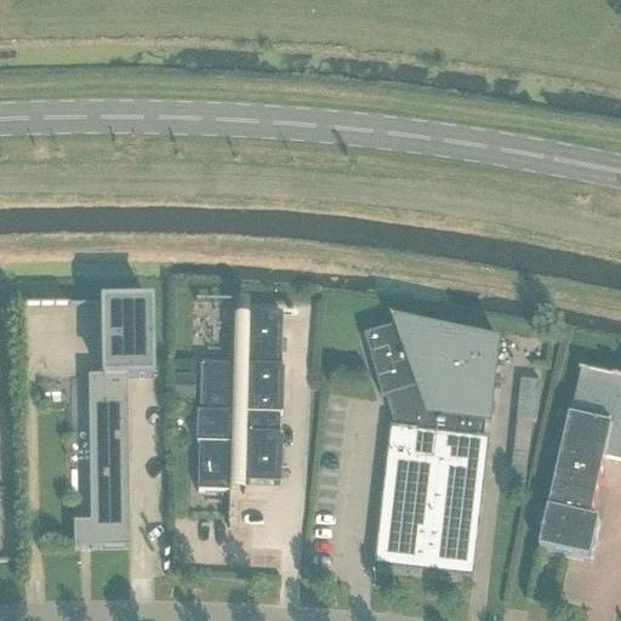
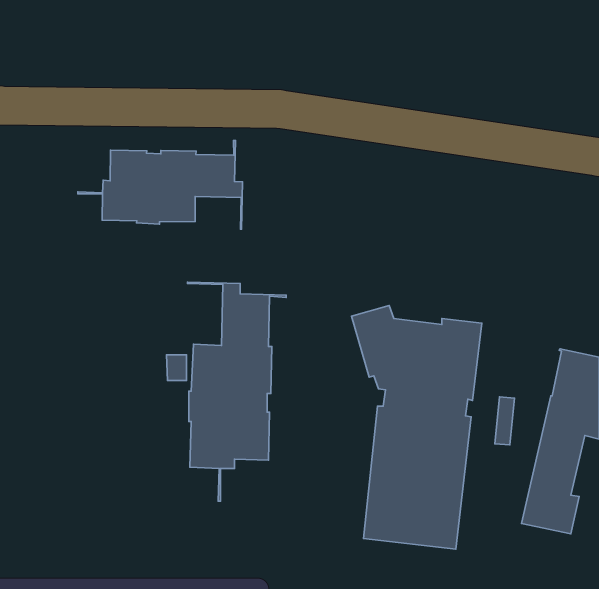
building: none -> [78,140,243,229]
building: [72,296,150,541] -> none

